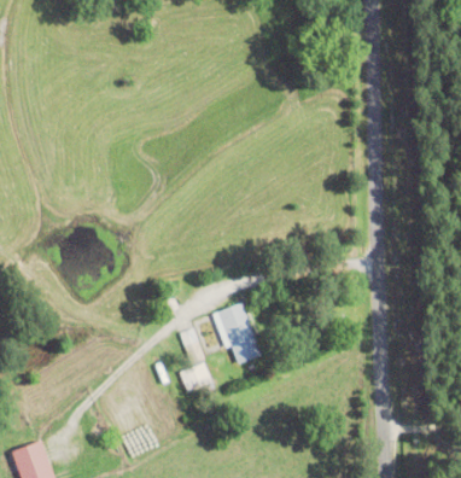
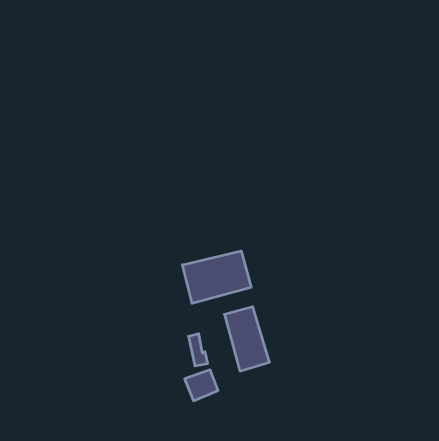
building: none -> [182,251,251,303]

